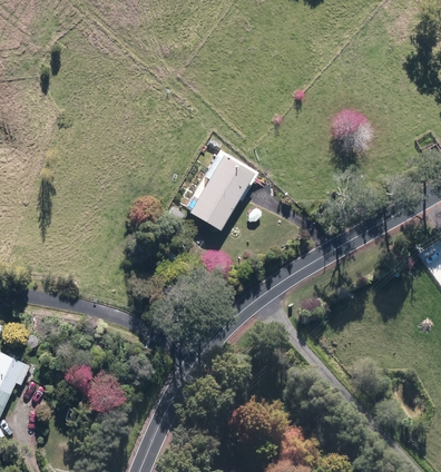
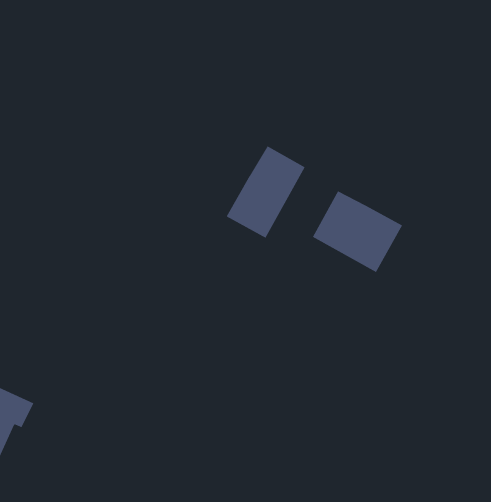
building: none -> [312,190,403,273]

